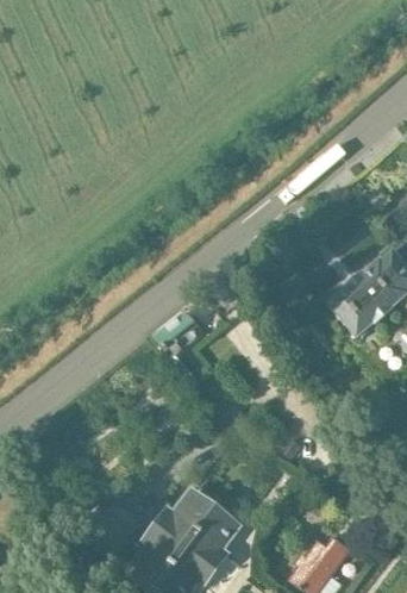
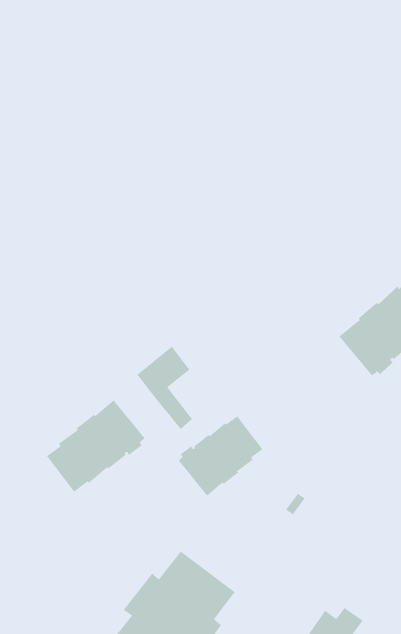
building: none -> [46,400,145,492]
building: none -> [178,415,263,497]

